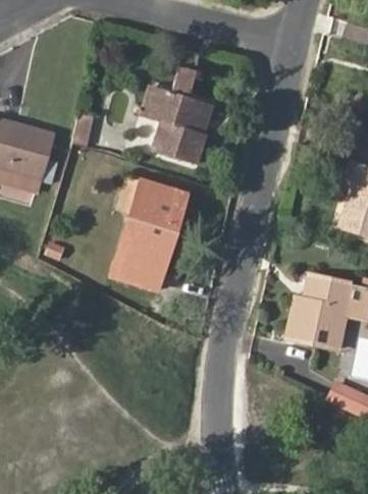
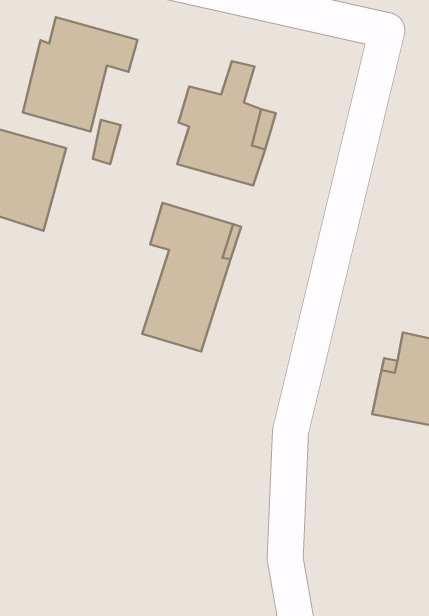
building: none -> [23,17,138,132]

